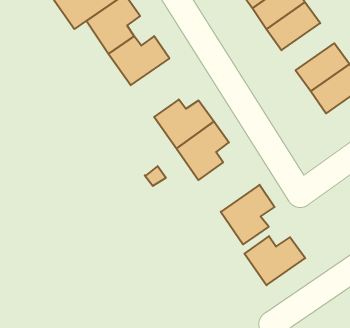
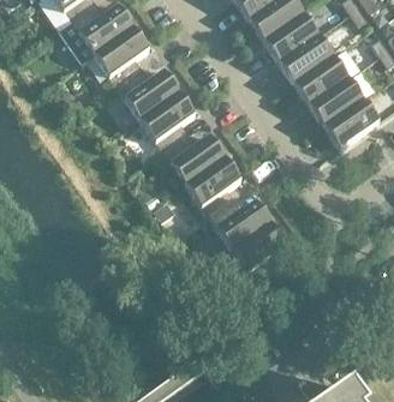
building: none -> [293,54,347,102]
building: none -> [138,90,193,150]
building: [244,236,305,285] -> [208,197,270,247]

